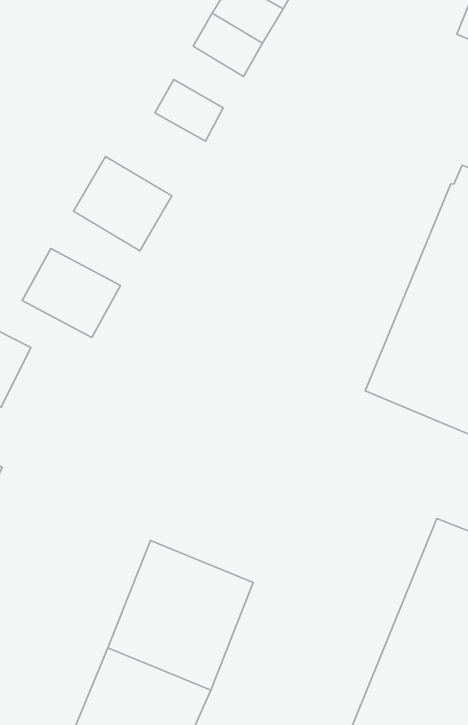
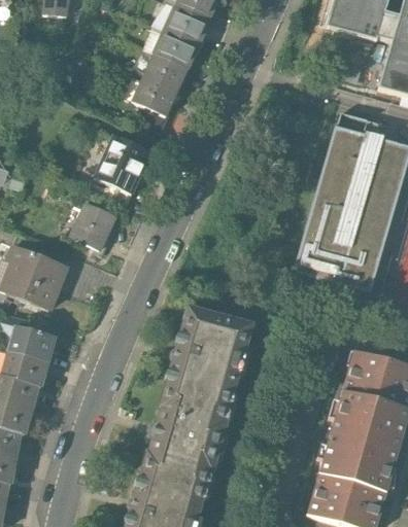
building: none -> [141,51,188,91]
building: none -> [160,302,257,407]

